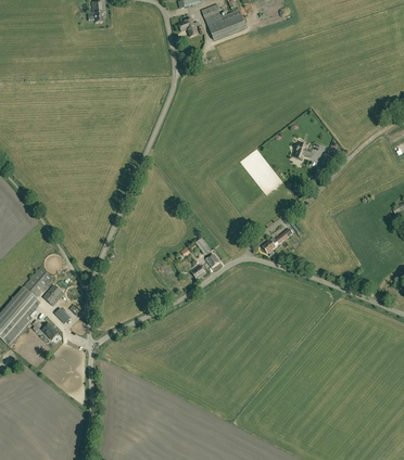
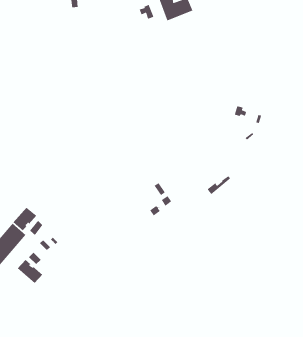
building: none -> [17,259,43,284]

